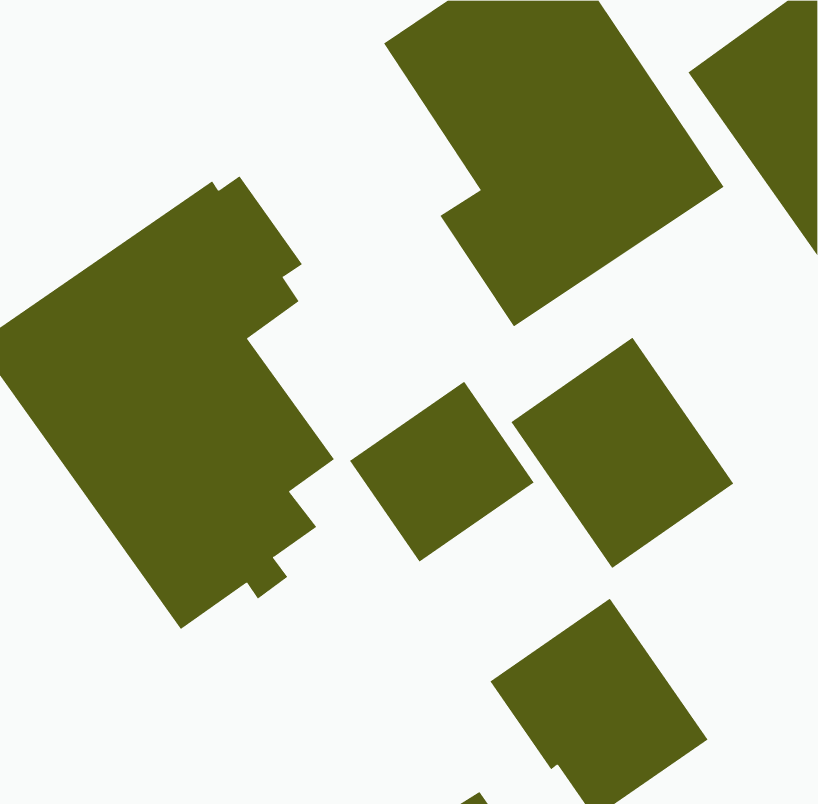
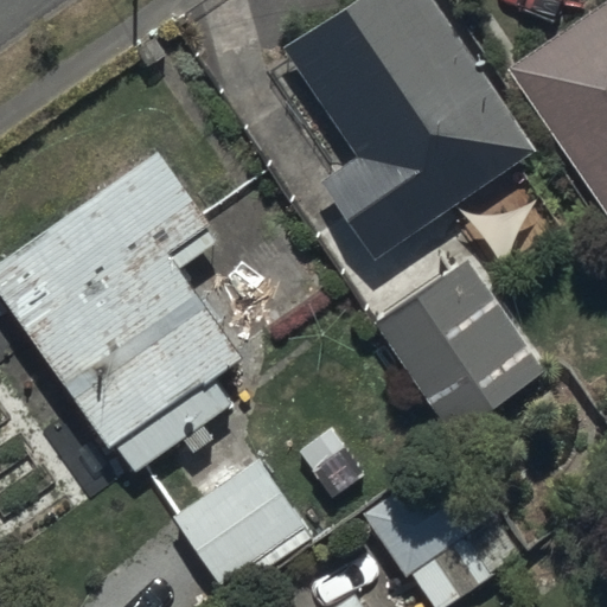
building: [349,381,534,562] -> none
building: none -> [173,461,311,598]

